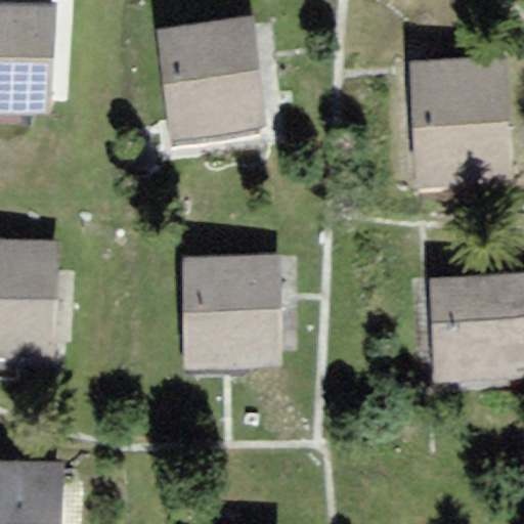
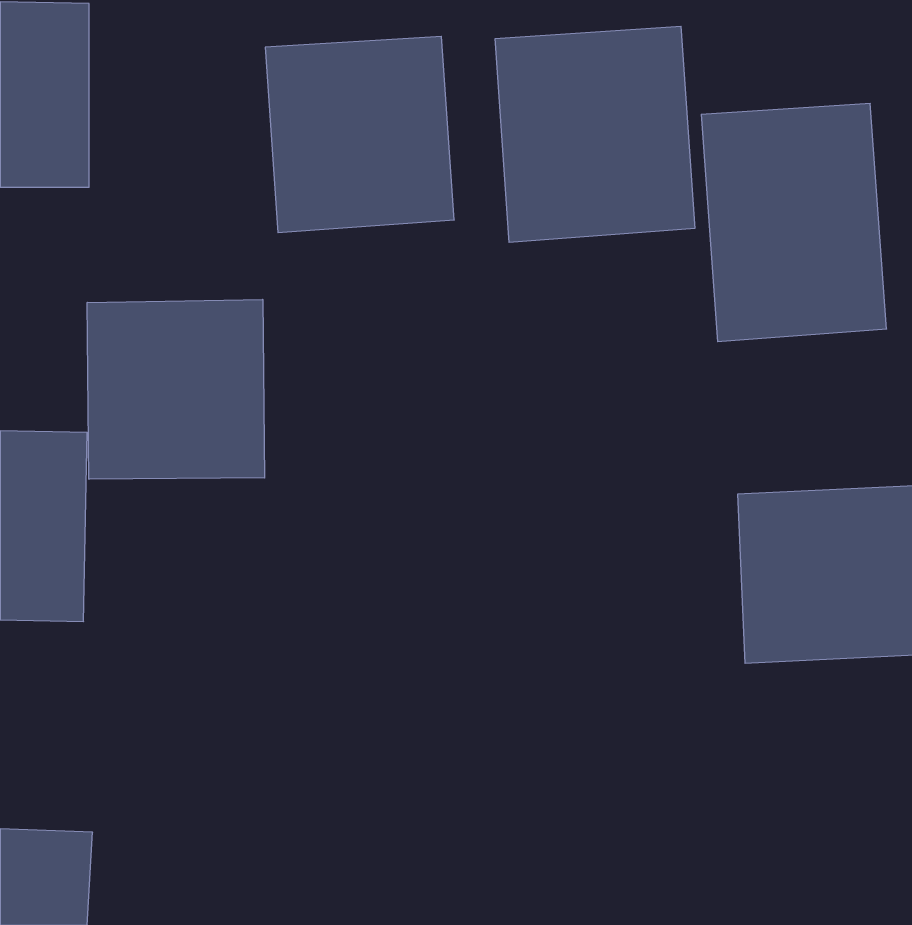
building: none -> [495,26,695,242]
building: none -> [87,299,265,479]
building: [182,260,280,358] -> none

